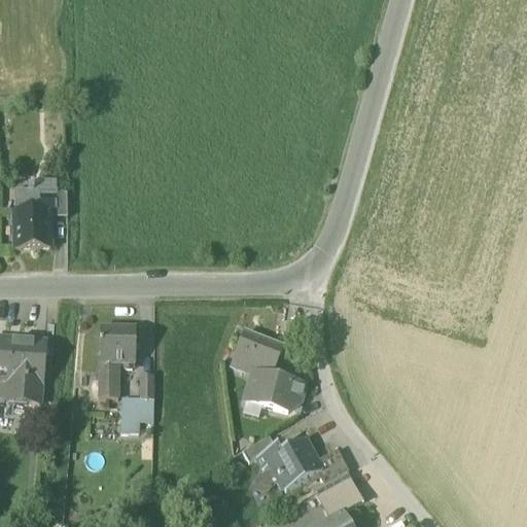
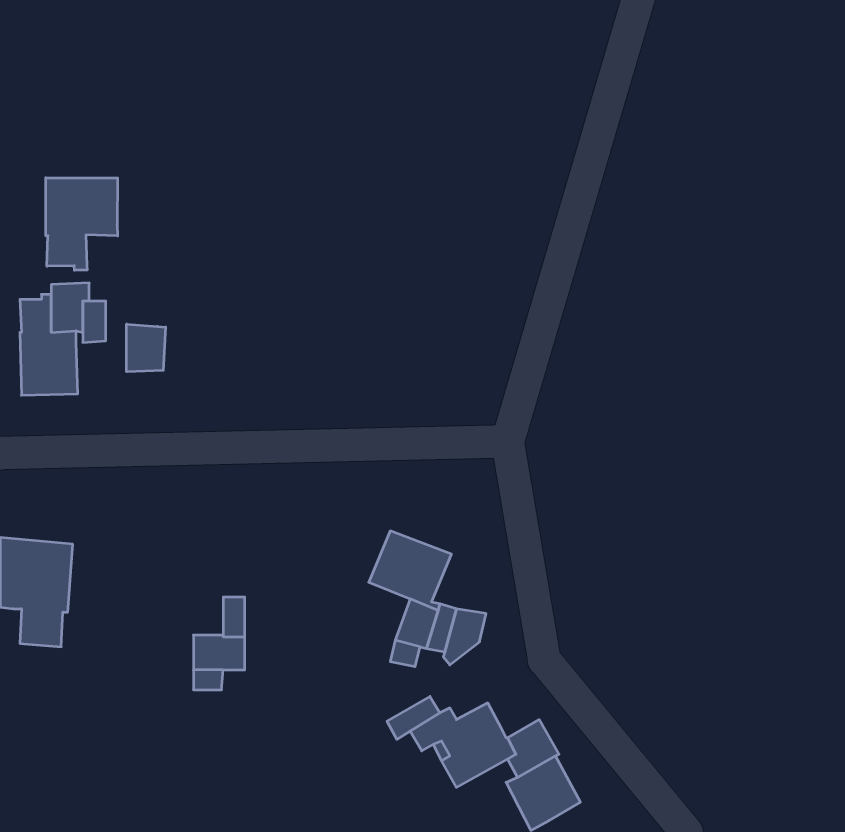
building: none -> [46,178,118,270]
building: none -> [127,324,166,372]
building: [98,324,135,396] -> none

